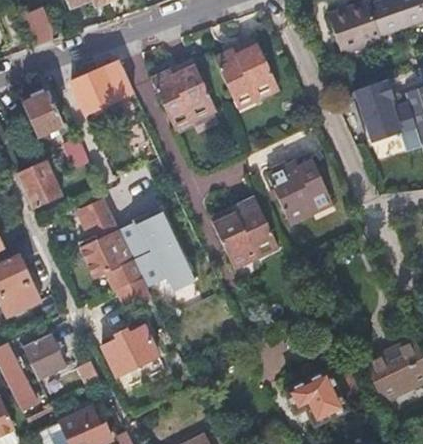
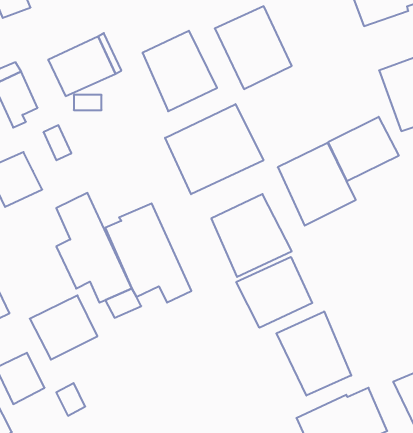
building: none -> [165,104,263,194]
building: none -> [328,117,399,181]
building: none -> [236,257,312,328]
building: none -> [276,311,351,396]
building: [100,323,158,378] -> [30,295,97,360]

